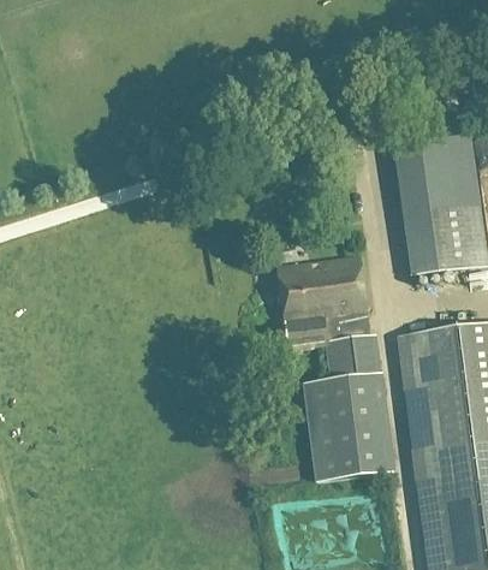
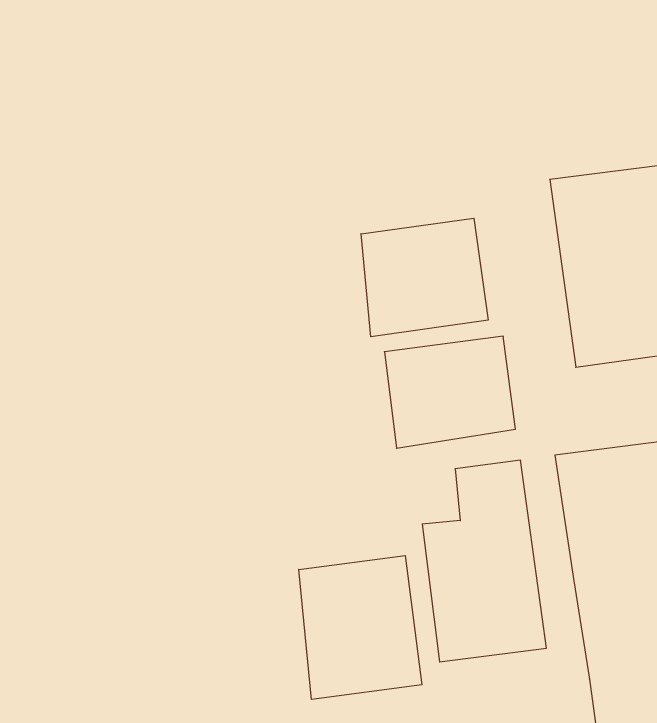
building: none -> [361,218,488,337]
building: none -> [299,556,422,699]

